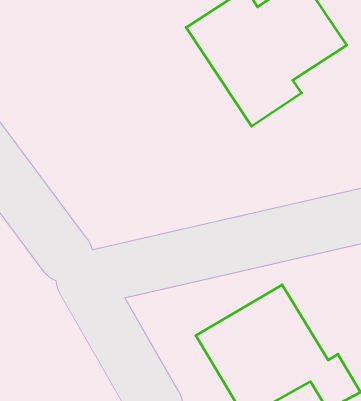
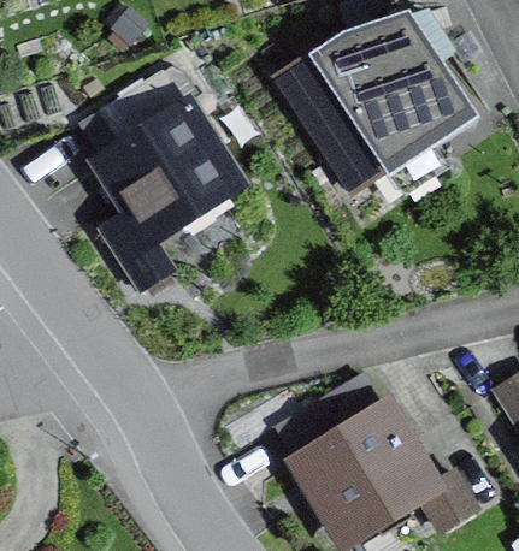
building: none -> [82,96,240,297]

